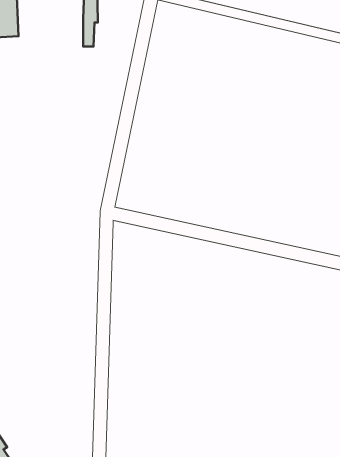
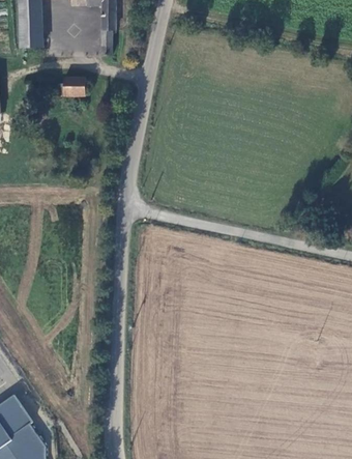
building: none -> [56,75,84,93]

